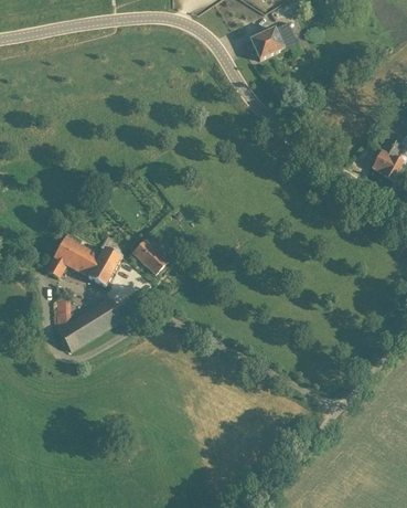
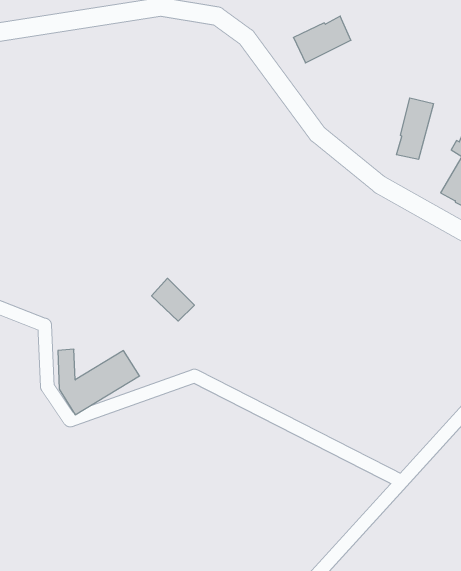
building: none -> [396,98,433,159]
building: [46,234,122,285] -> none

